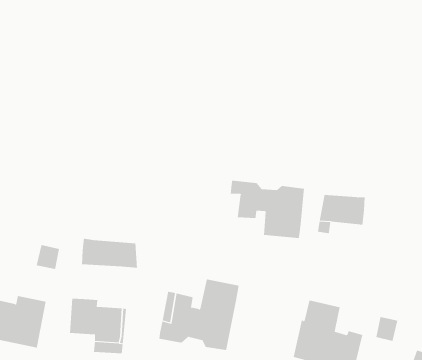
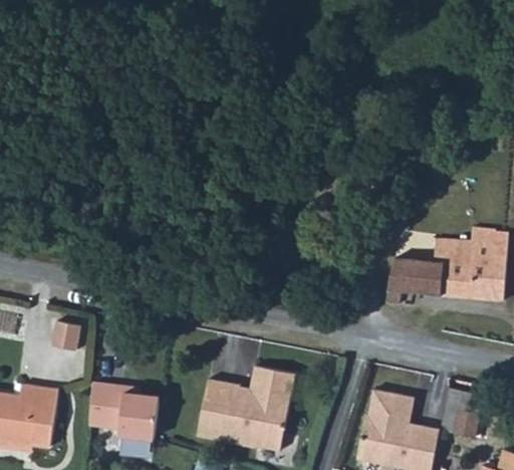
building: none -> [435,231,508,302]
building: [230,180,304,239] -> none
building: [81,238,137,269] -> none

